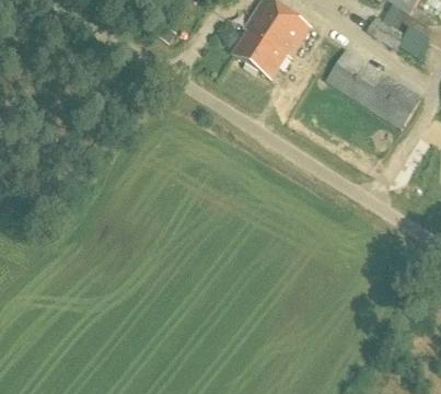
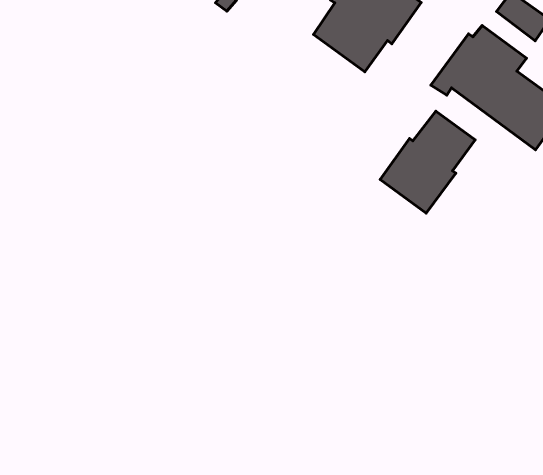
building: none -> [380,111,475,213]

